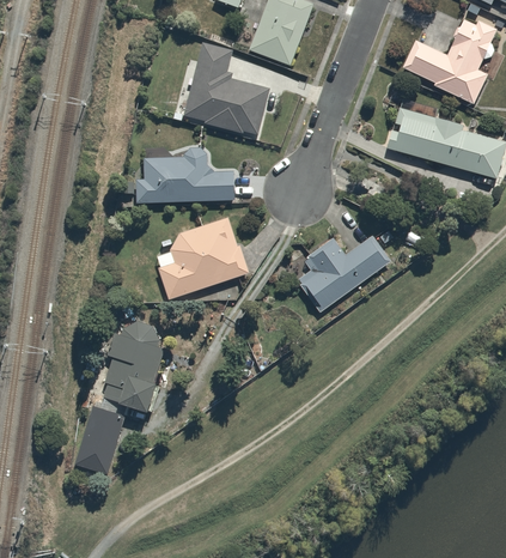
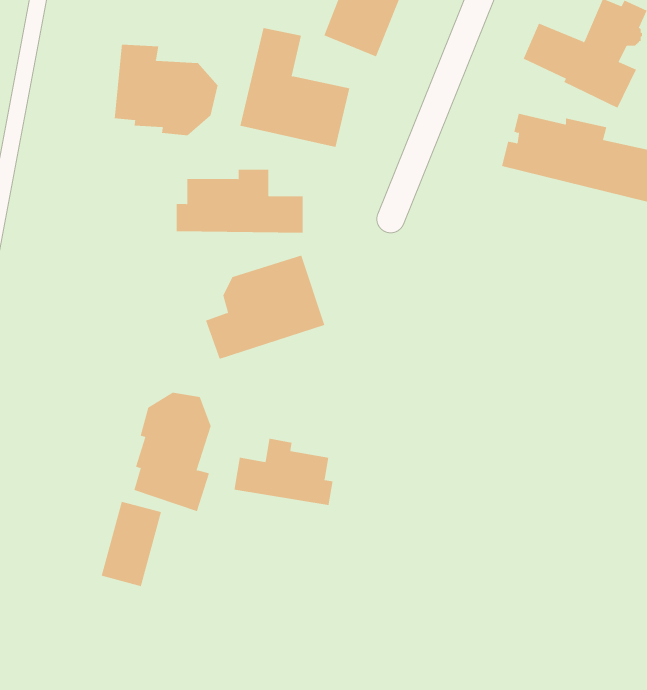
building: none -> [114,44,218,136]
building: [298,237,389,313] -> none
building: none -> [234,438,333,506]

